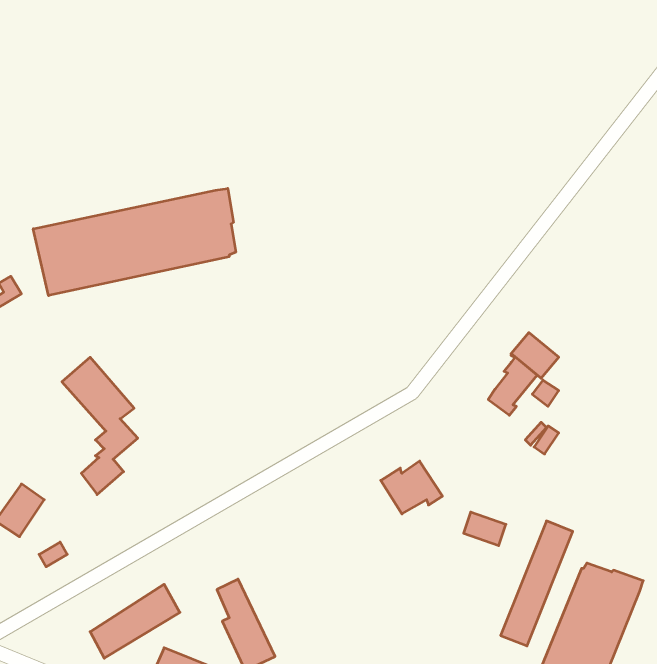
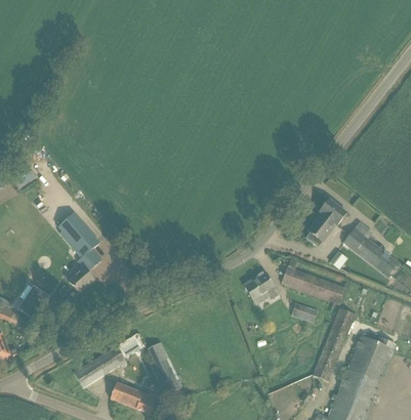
building: [33,188,236,296] -> none
building: none -> [343,227,399,277]
building: none -> [281,265,344,303]

